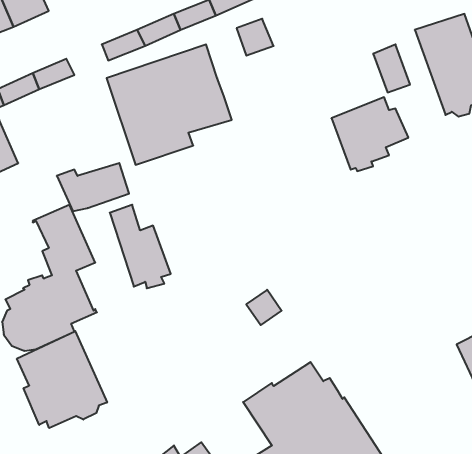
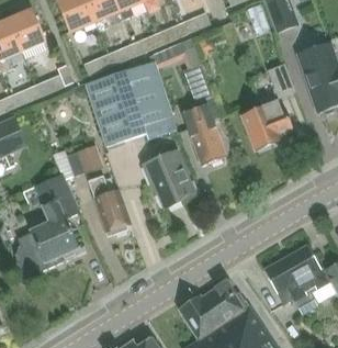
building: none -> [183,67,226,165]
building: none -> [144,150,194,207]
building: none -> [263,244,330,314]
building: [17,331,107,428] -> none

